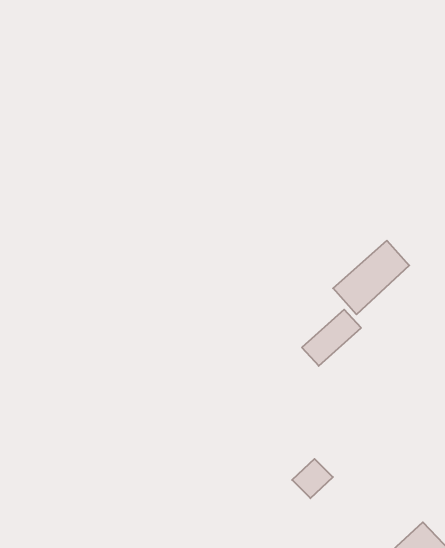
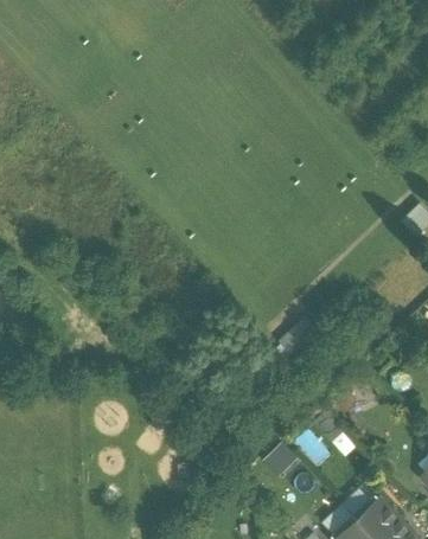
building: [333,241,409,314] -> none

